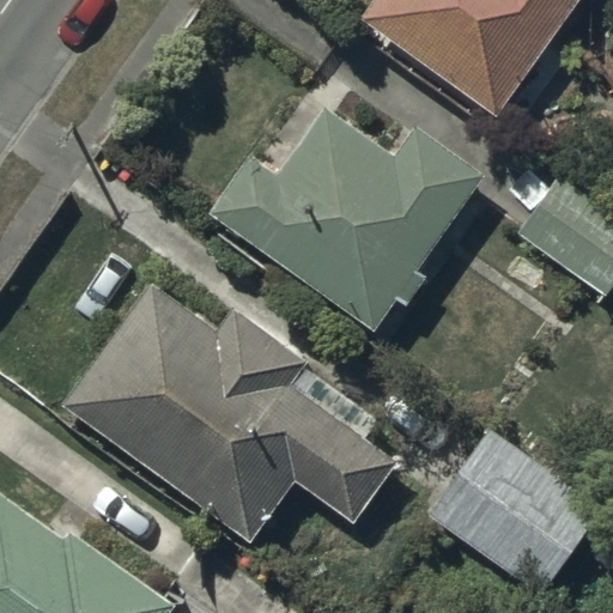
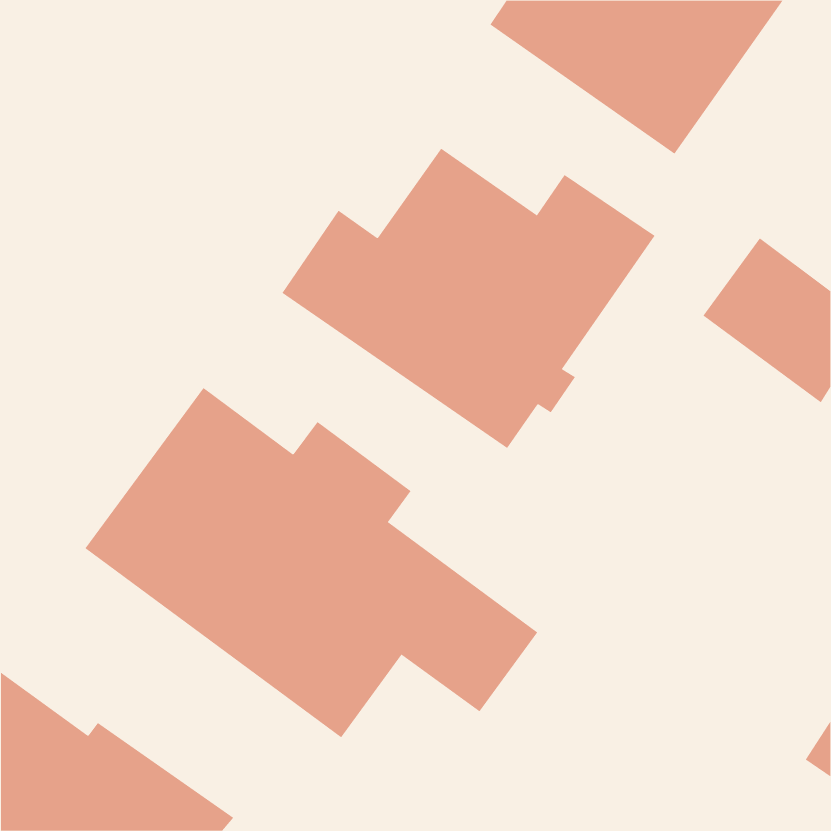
building: [427,427,602,595] -> none

